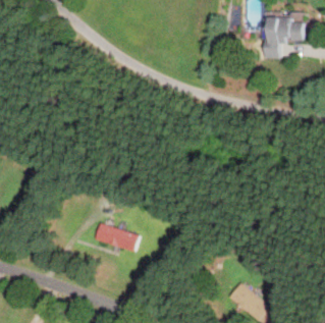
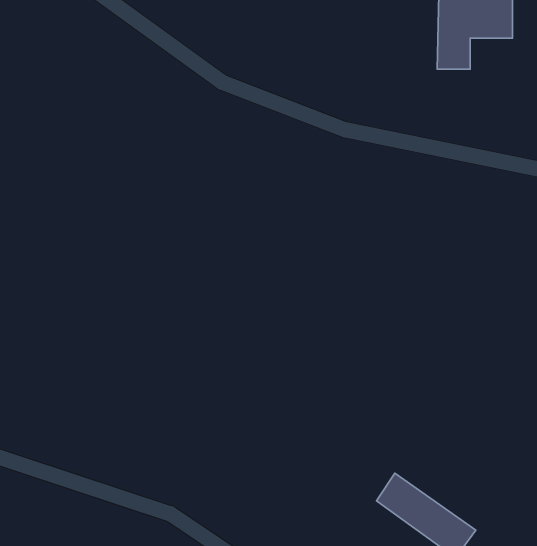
building: [96,222,141,252] -> none

